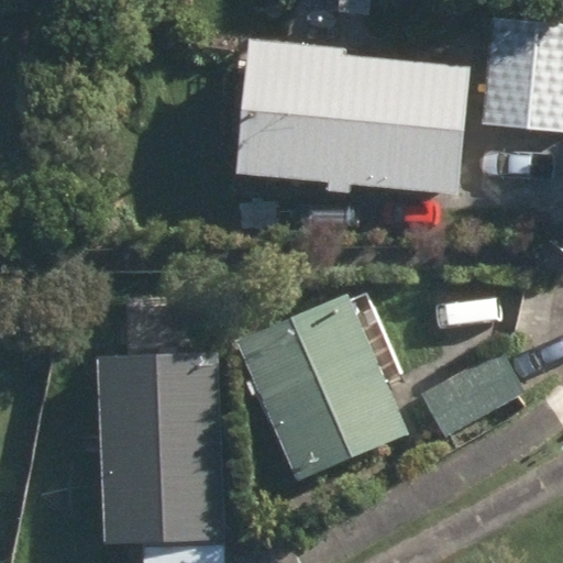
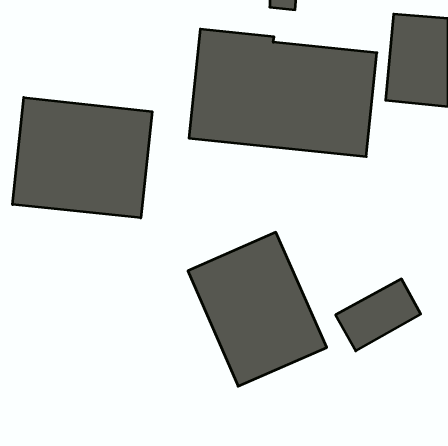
building: none -> [13,97,152,218]
building: [96,352,225,547] -> none

